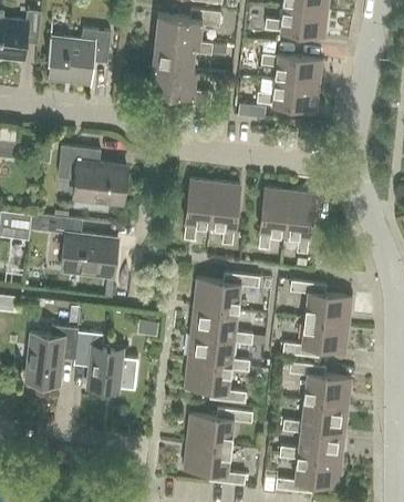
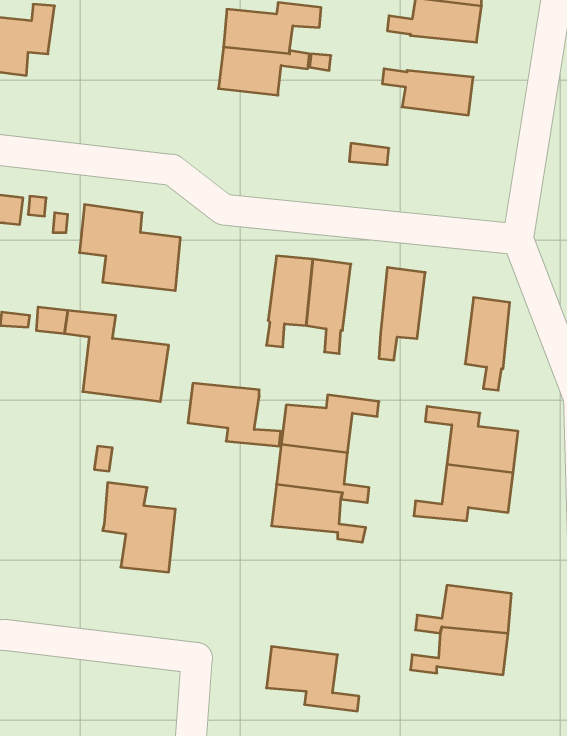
building: [48,29,111,83] -> none
building: [148,68,211,106] -> none
building: [257,80,319,110] -> none
building: [284,191,314,253] -> [465,298,510,390]
building: [25,326,77,385] -> none
building: [184,360,246,402] -> [188,383,281,446]
building: [290,362,351,406] -> none
building: [187,409,252,447] -> none
building: [276,454,342,492] -> none

